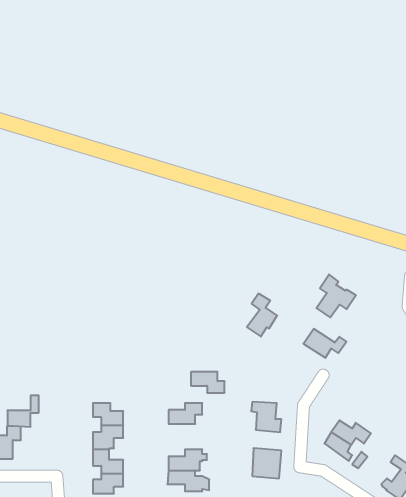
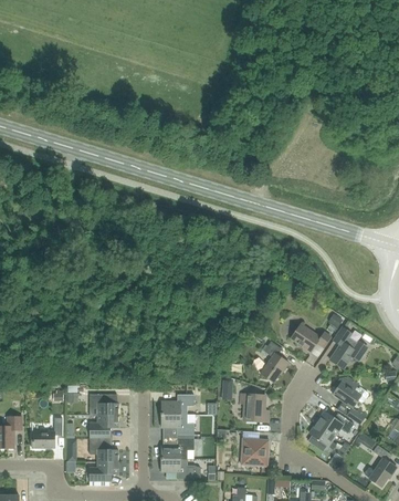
building: [316,274,356,317] -> [329,326,367,367]
building: [247,294,277,337] -> [260,341,288,382]
building: [191,372,225,393] -> [161,414,193,434]
building: none -> [333,380,368,415]
building: [7,395,39,427] -> [32,417,62,447]

